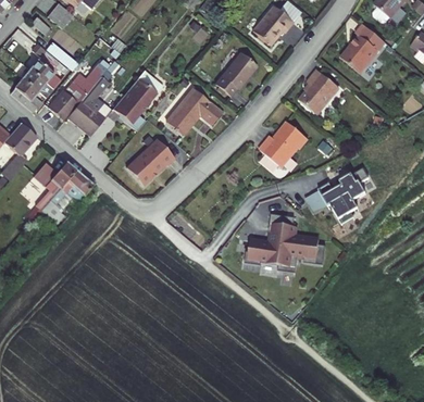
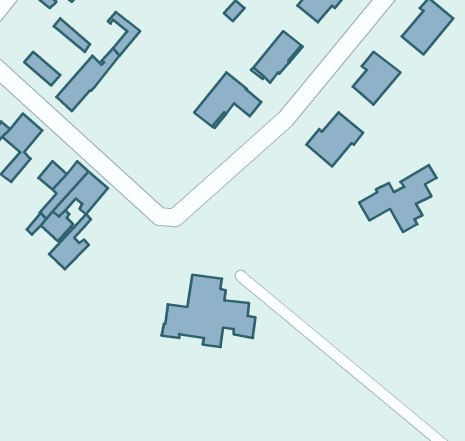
building: [29,43,68,89] -> none
building: [112,71,163,125] -> none
building: [10,78,41,112] -> none
building: [66,99,104,136] -> none
building: [126,138,175,185] -> none
building: none -> [49,214,91,269]
building: [245,210,324,271] -> [161,275,255,347]

